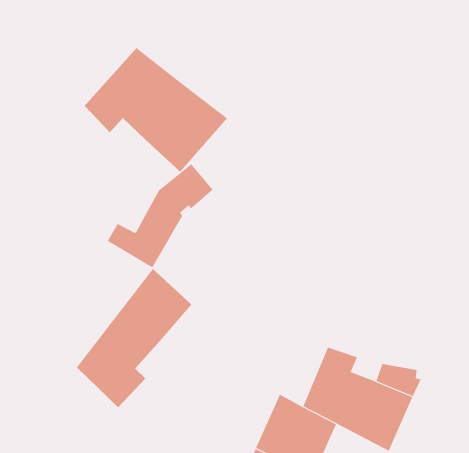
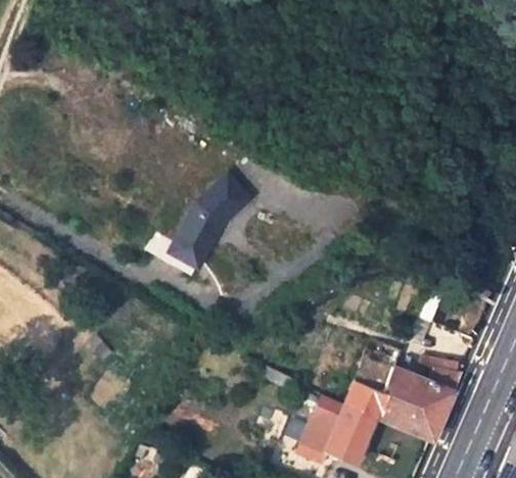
building: [84,47,228,173] -> none
building: [76,268,192,408] -> none

